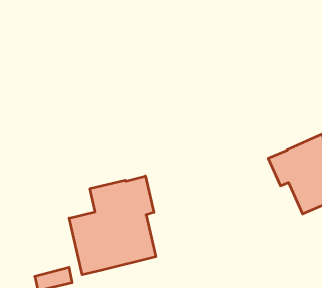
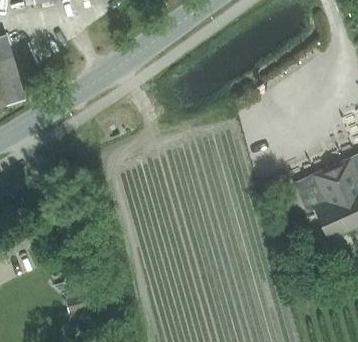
building: [69,176,156,275] -> none

